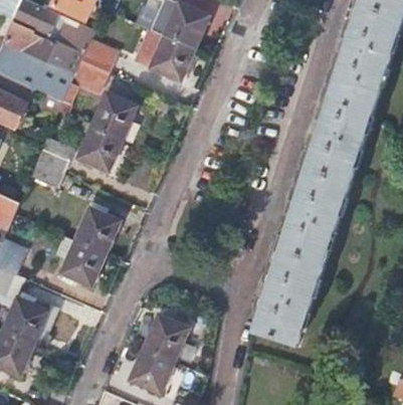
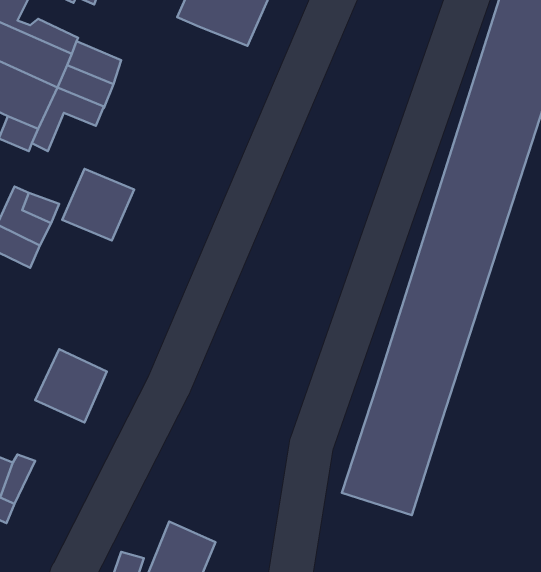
building: [149,36,193,81] -> none
building: [90,92,136,139] -> none
building: [74,207,119,253] -> none
building: [144,315,186,361] -> none

